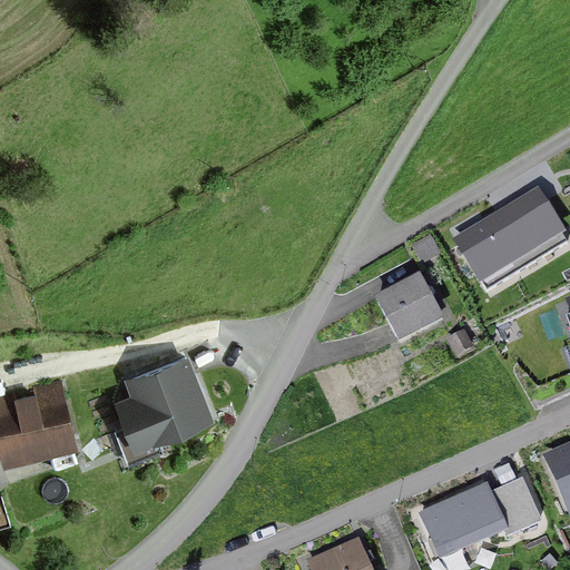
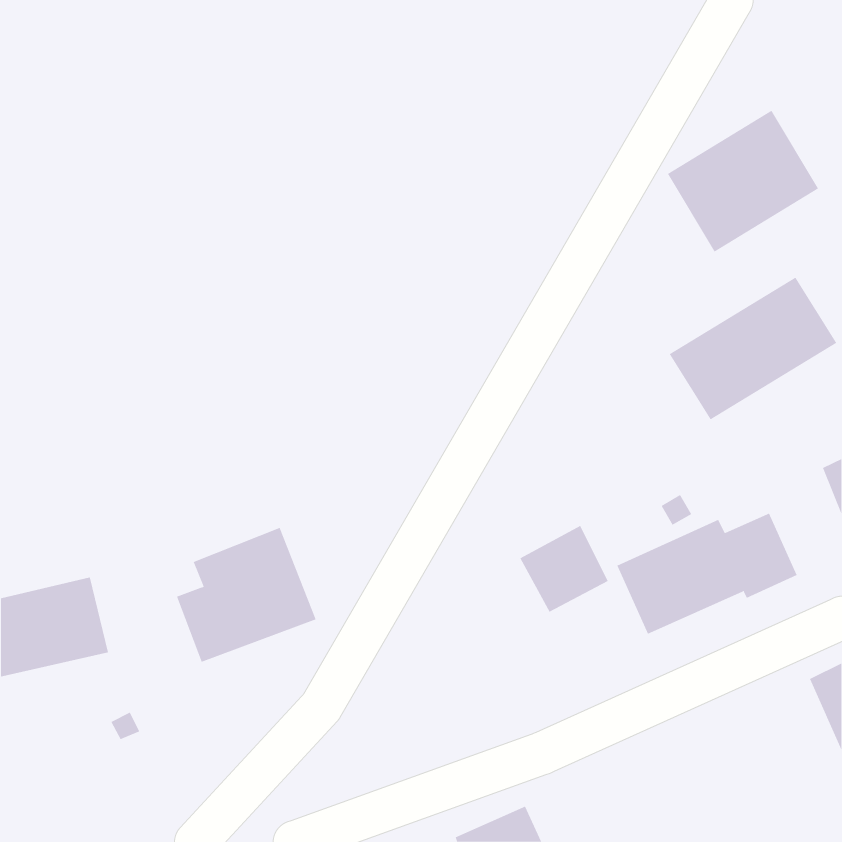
building: none -> [667,110,819,252]
building: [376,282,436,341] -> [519,525,608,613]
building: [419,479,541,561] -> [616,513,798,635]

